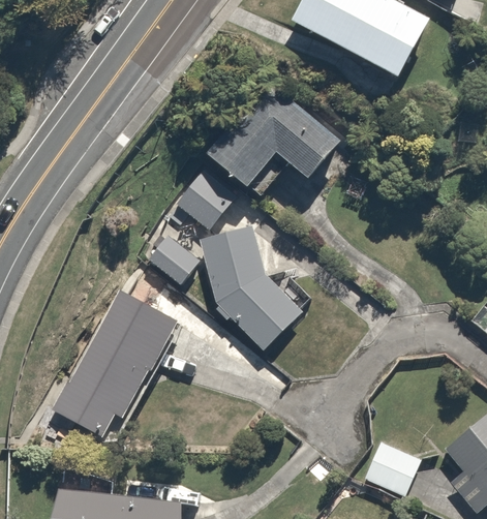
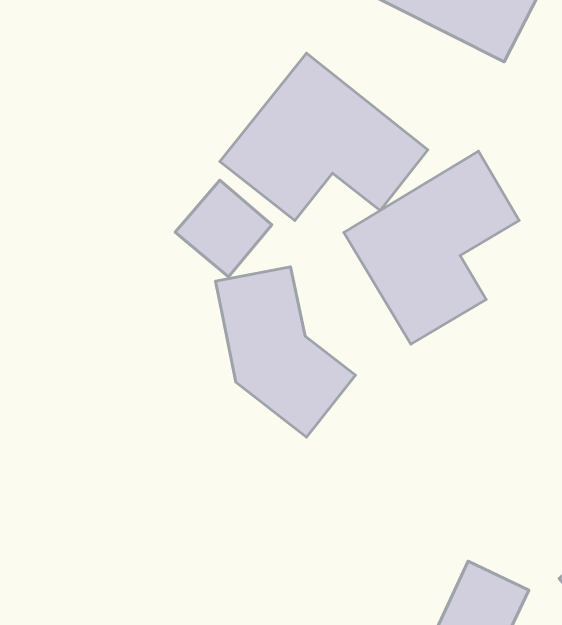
building: none -> [344,151,519,344]
building: [147,233,205,287] -> none
building: [50,288,185,446] -> none

